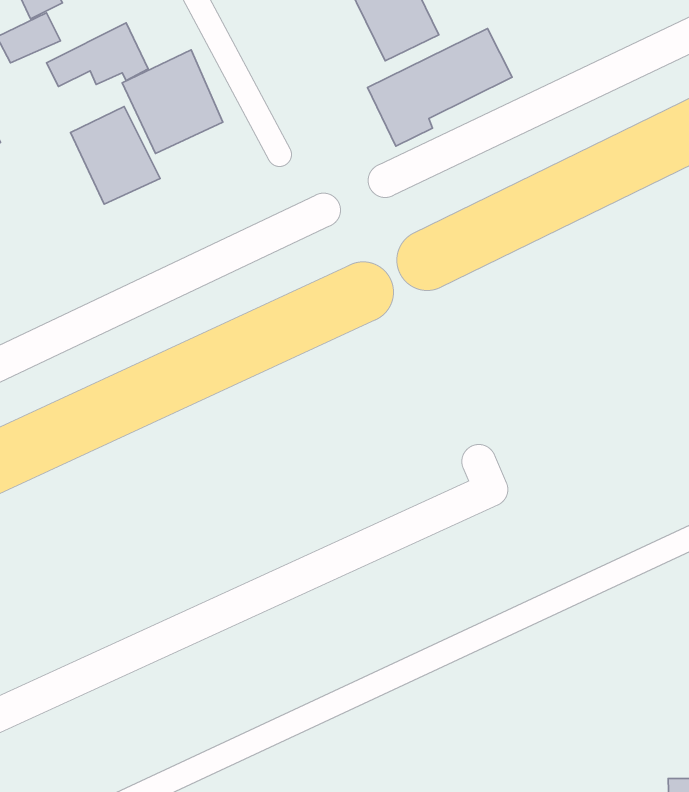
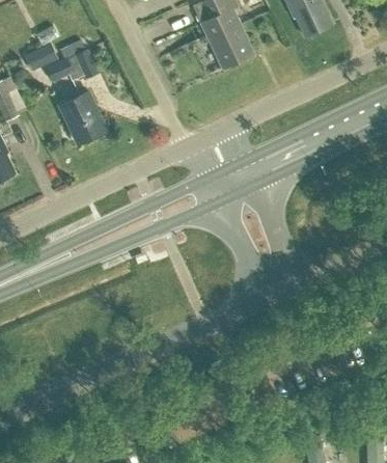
building: [368,28,512,146] -> none
building: [122,50,223,154] -> none

